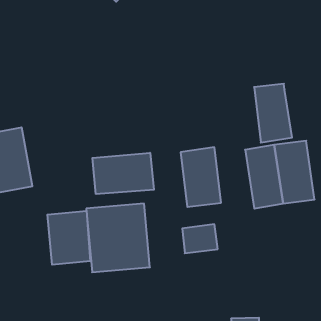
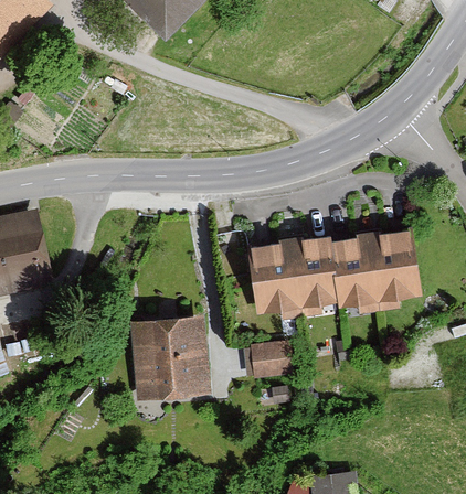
building: [254,84,292,143] -> [293,232,343,310]
building: [92,153,154,194] -> none
building: [47,211,90,265] -> none

